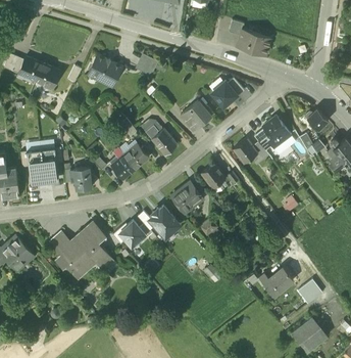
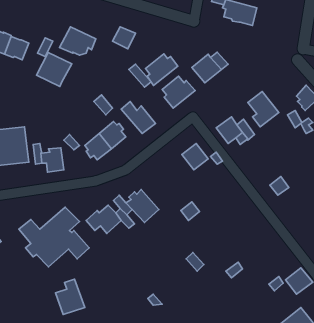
building: none -> [36,53,72,86]
building: none -> [146,54,178,85]
building: [171,182,203,213] -> none
building: [259,268,293,296] -> none
building: none -> [56,279,85,315]

